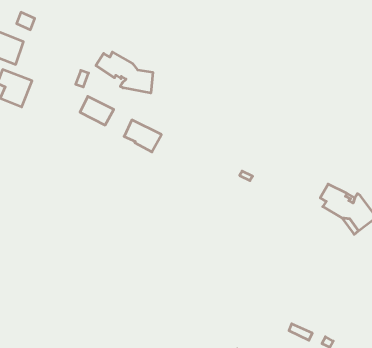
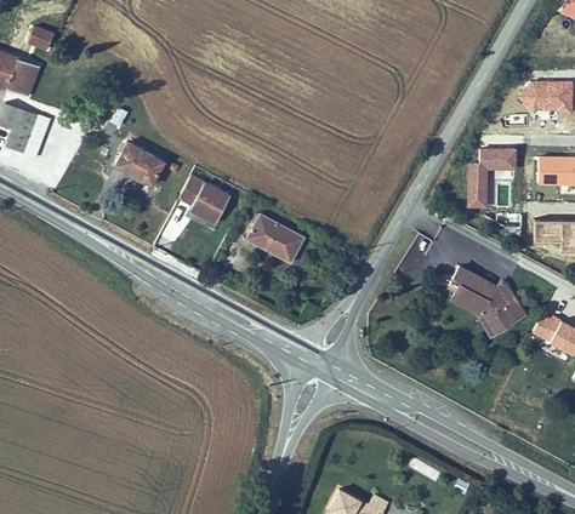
building: [96,52,153,93] -> none
building: none -> [468,149,516,209]
building: none -> [247,215,306,263]

